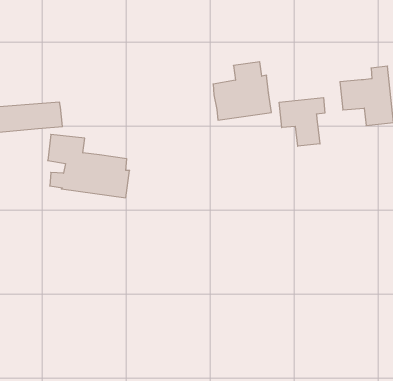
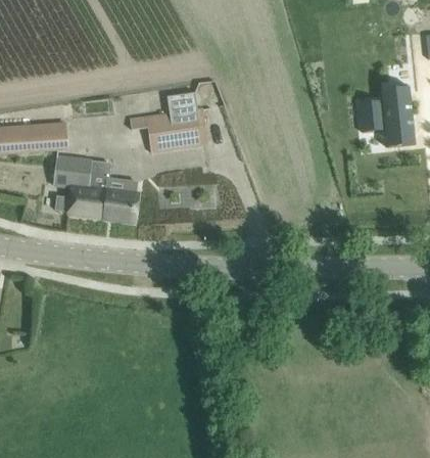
building: [213,62,271,120] -> [146,91,207,152]
building: [279,98,325,146] -> none

